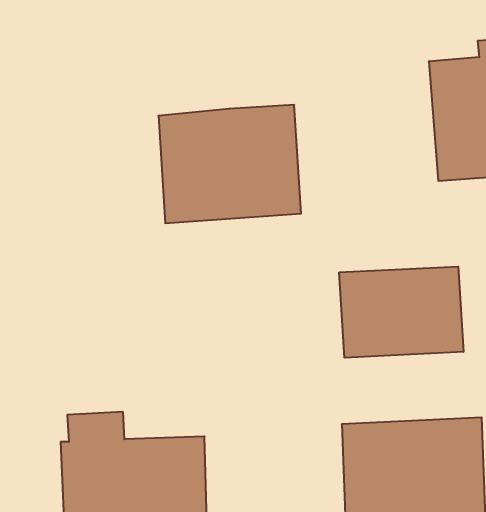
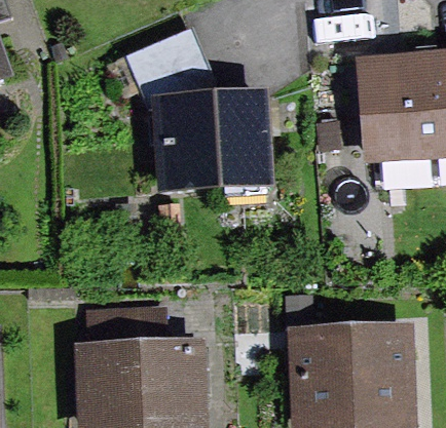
building: none -> [127,35,213,112]
building: [339,267,463,358] -> none

